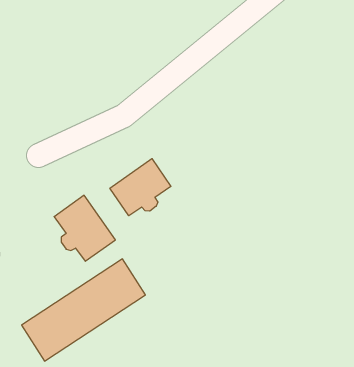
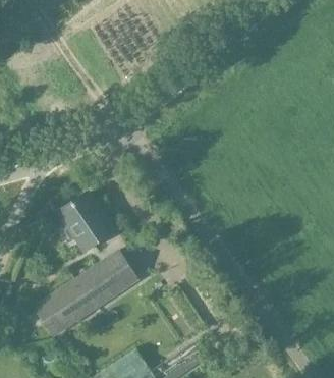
building: [110,159,171,216] -> none

